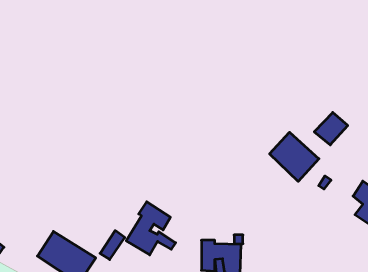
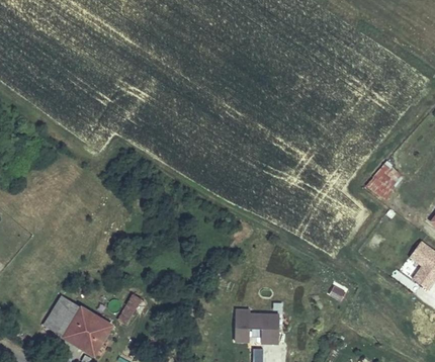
building: [270,132,319,181] -> none
building: [126,202,176,255] -> none

